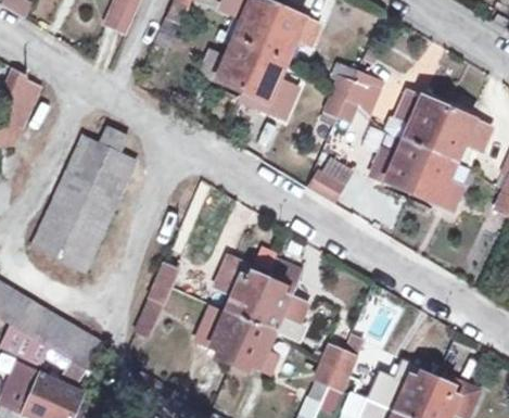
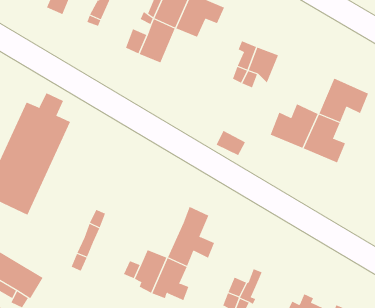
building: [242,49,289,106] -> none
building: [384,91,447,150] -> none
building: [215,256,268,320] -> none

